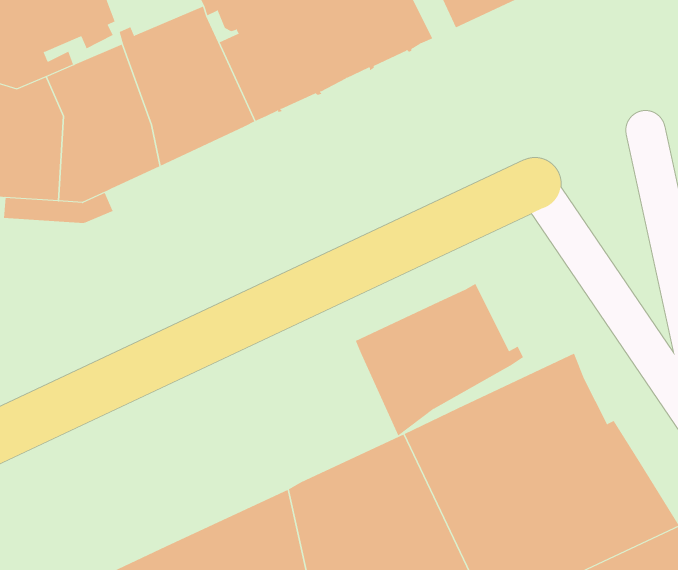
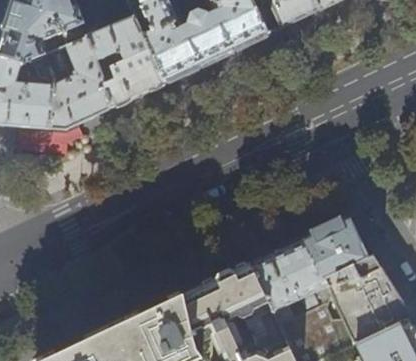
building: [355,283,524,436] -> none

